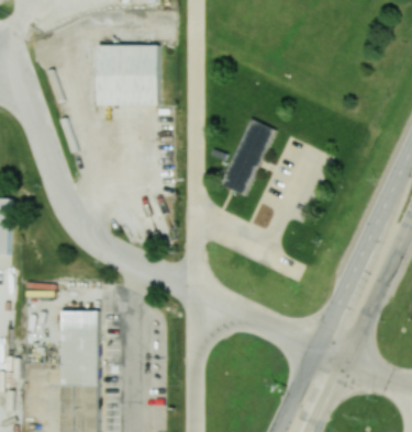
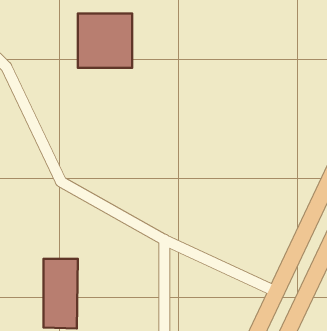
building: [220,118,272,196] -> none

